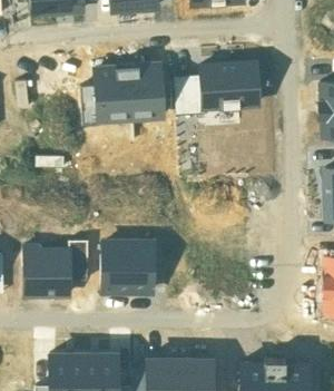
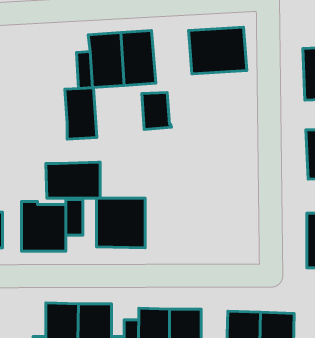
building: [174,76,205,115] -> [142,92,172,129]
building: none -> [65,88,97,139]
building: none -> [46,162,100,198]

